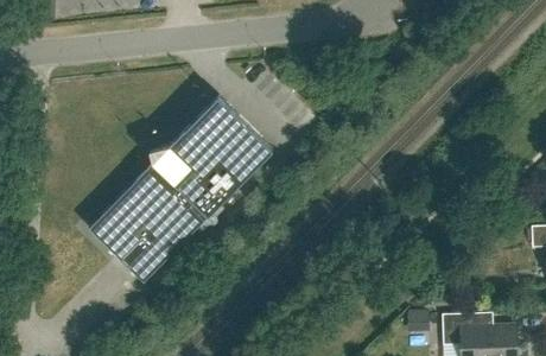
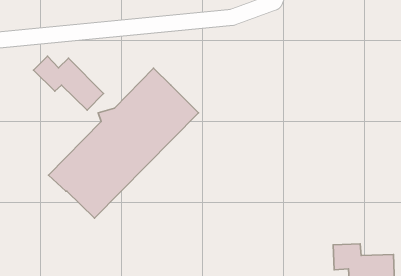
building: none -> [34,56,104,110]

